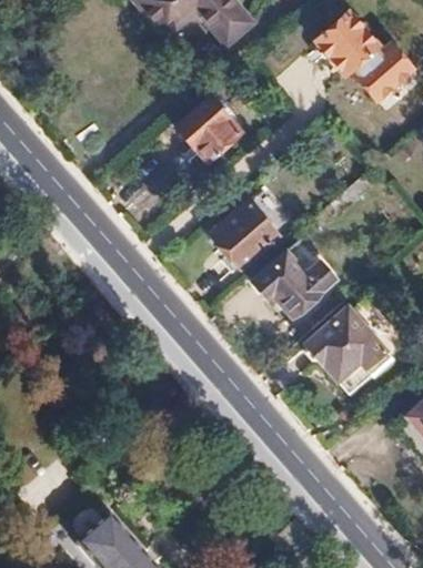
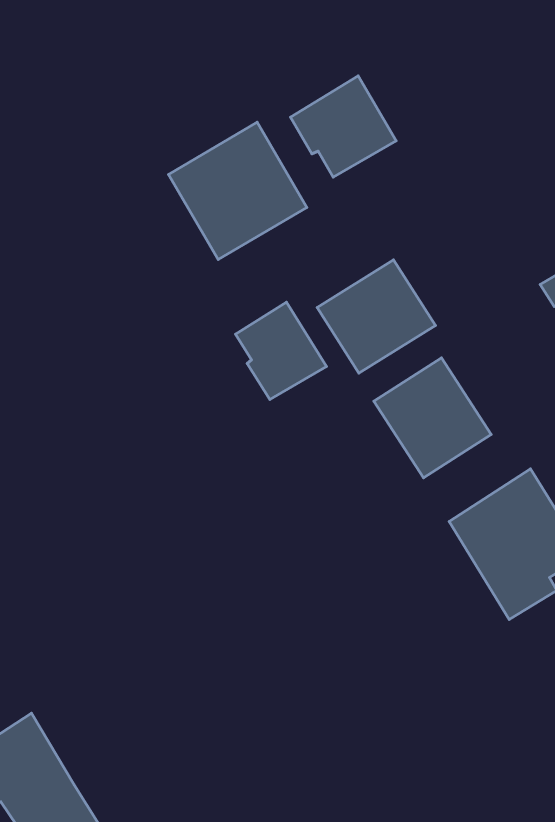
building: none -> [169,122,307,260]
building: none -> [236,302,326,400]

